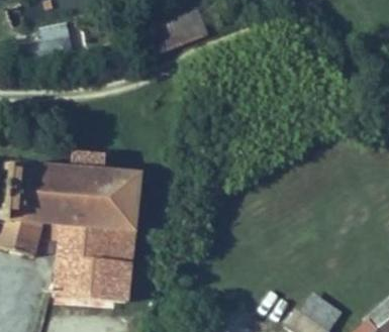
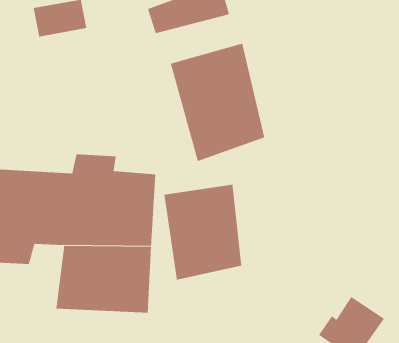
building: none -> [170,43,265,162]
building: none -> [164,184,242,280]

